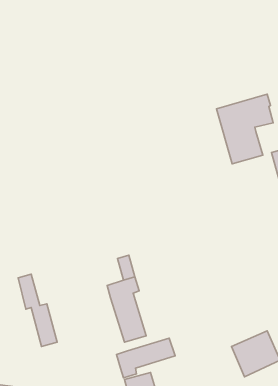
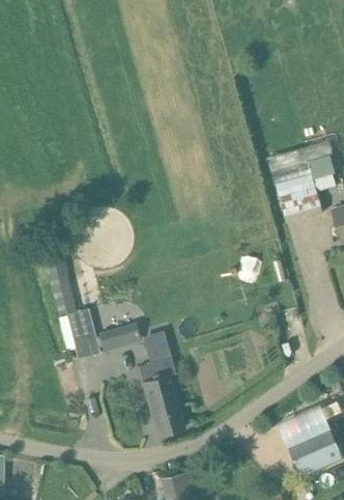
building: none -> [97,321,140,352]
building: [18,274,57,346] -> [49,274,95,360]
building: [116,338,175,378] -> none

